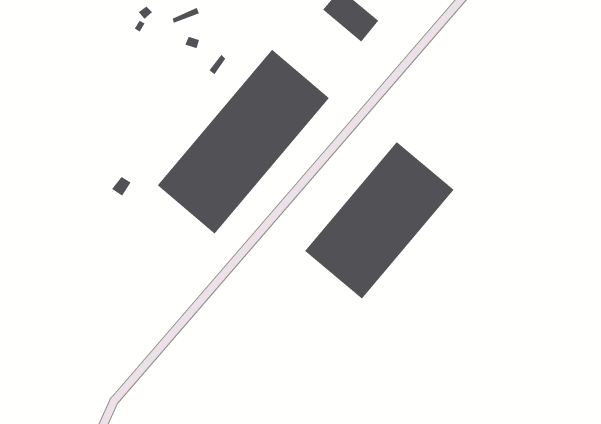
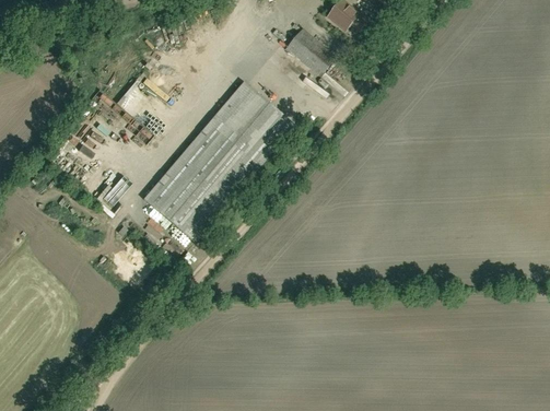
building: [304,141,454,299] -> none

